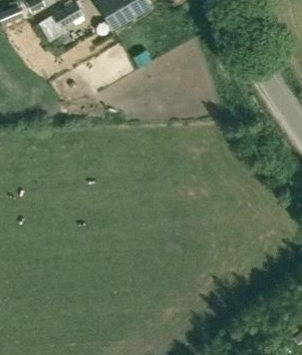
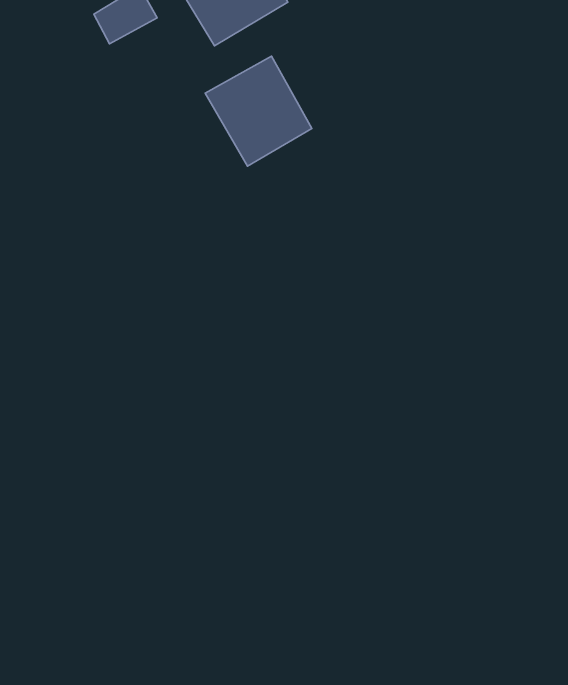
building: none -> [205,56,312,166]

